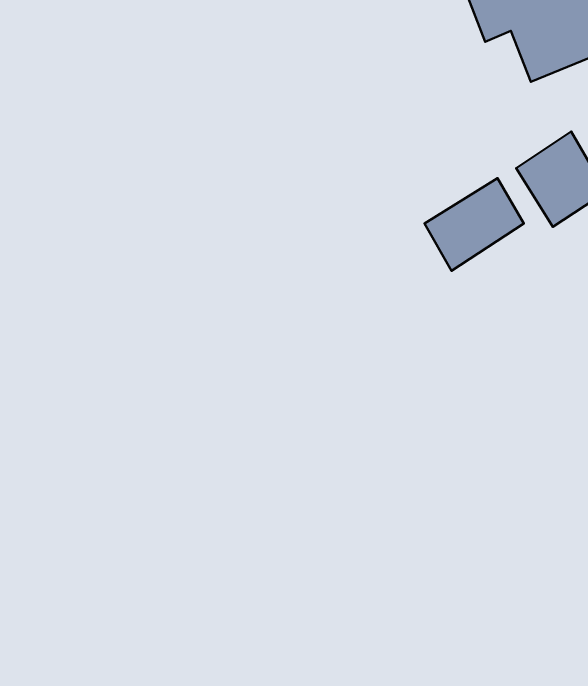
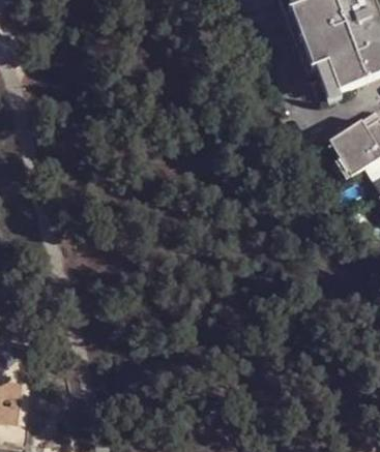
building: [425,178,524,271] -> none

